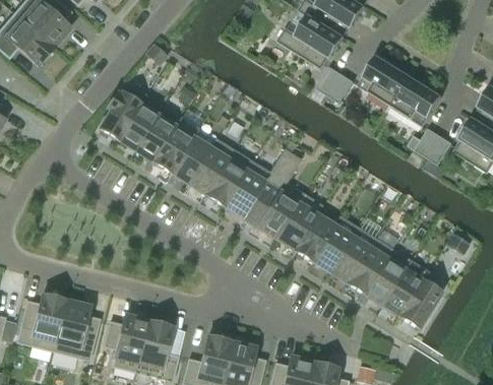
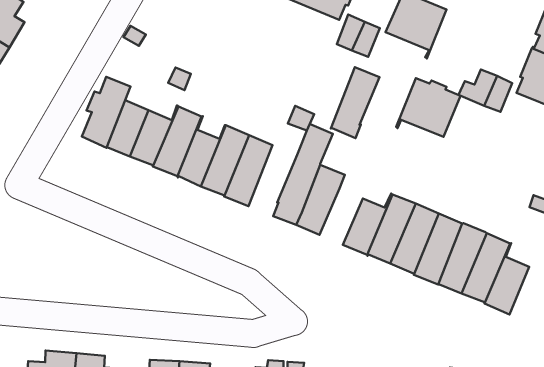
building: [387,76,443,127] -> [396,78,461,137]
building: [225,162,270,218] -> [331,67,379,138]
building: [278,205,317,251] -> none

